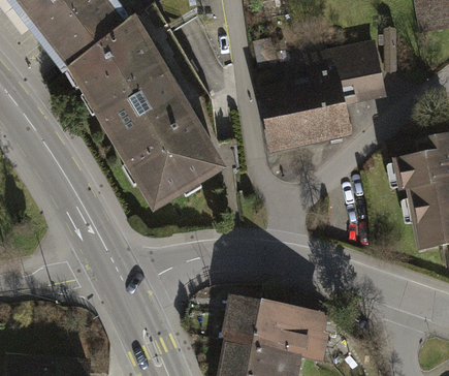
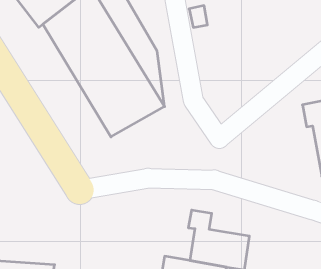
building: [258,42,381,149] -> none
building: [222,289,259,354] -> none

